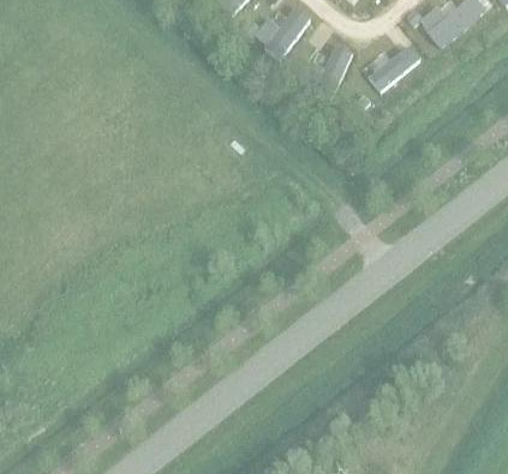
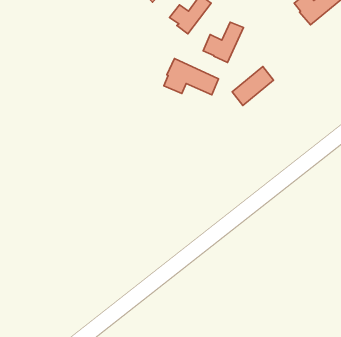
building: [367,40,423,91] -> [232,67,274,105]
building: none -> [164,58,219,95]

